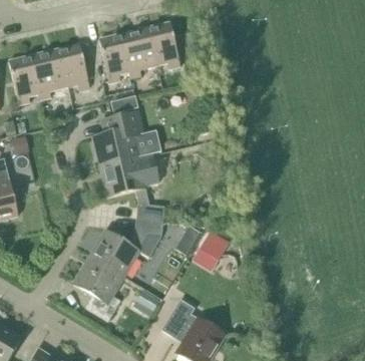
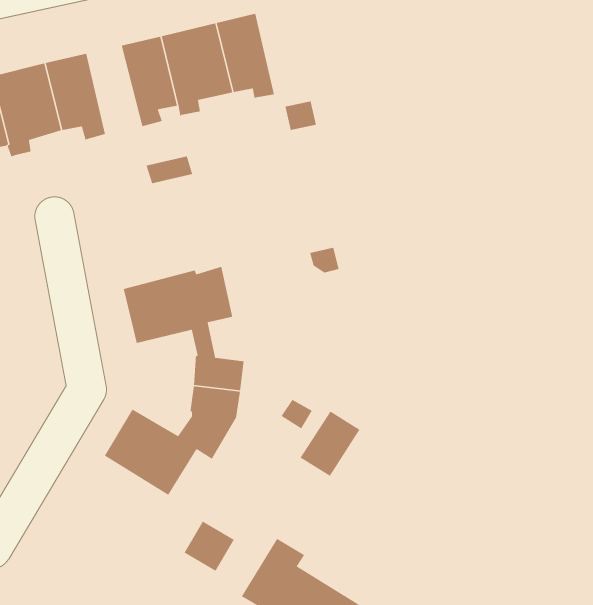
building: [92,109,160,166] -> none
building: [73,255,123,319] -> none

